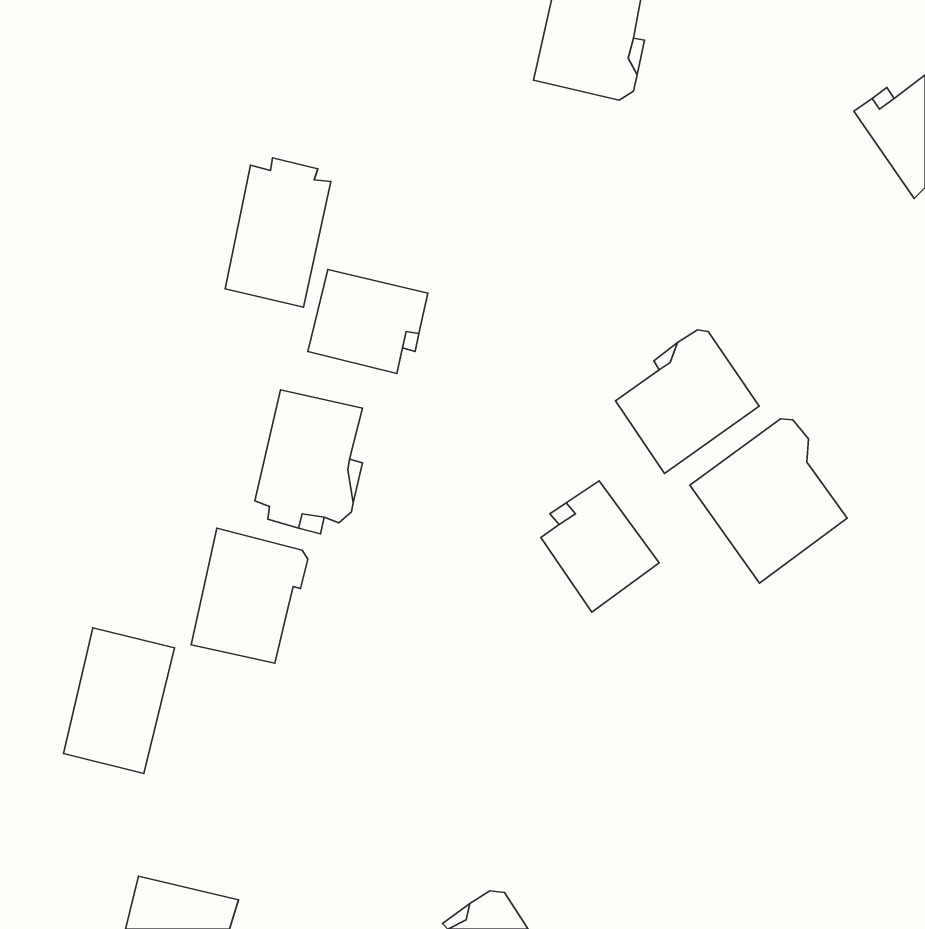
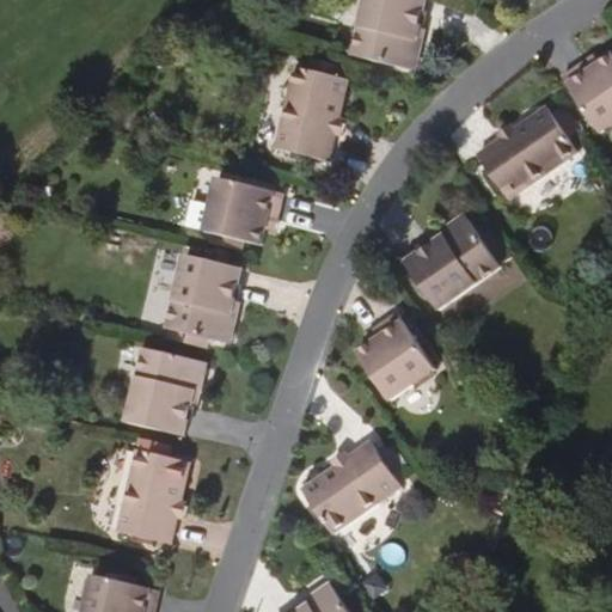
building: [225,158,331,307] -> [275,59,344,157]
building: none -> [477,105,575,196]
building: [690,419,847,583] -> none
building: [64,628,175,774] -> [116,448,189,544]
building: none -> [301,441,400,533]

